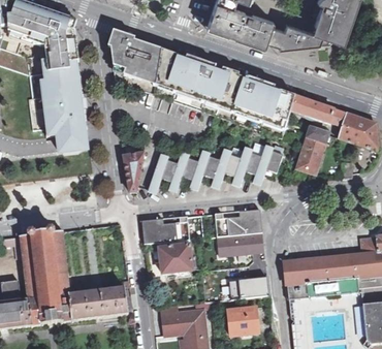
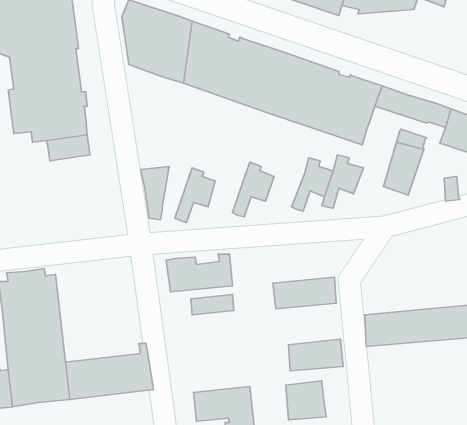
building: [212,148,242,187] -> none
building: [169,152,198,191] -> none
building: [216,209,263,236] -> none
building: [161,256,192,277] -> none

